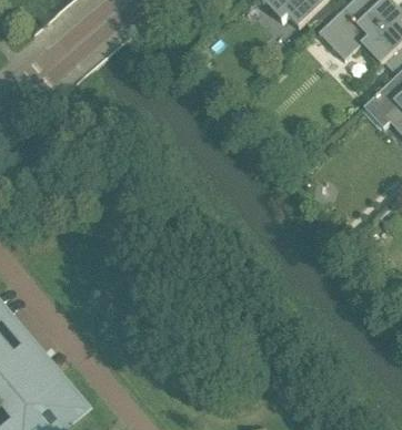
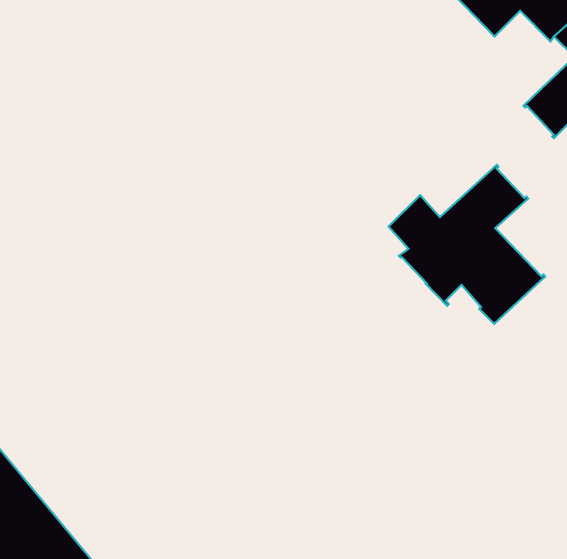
building: none -> [389,165,545,324]

